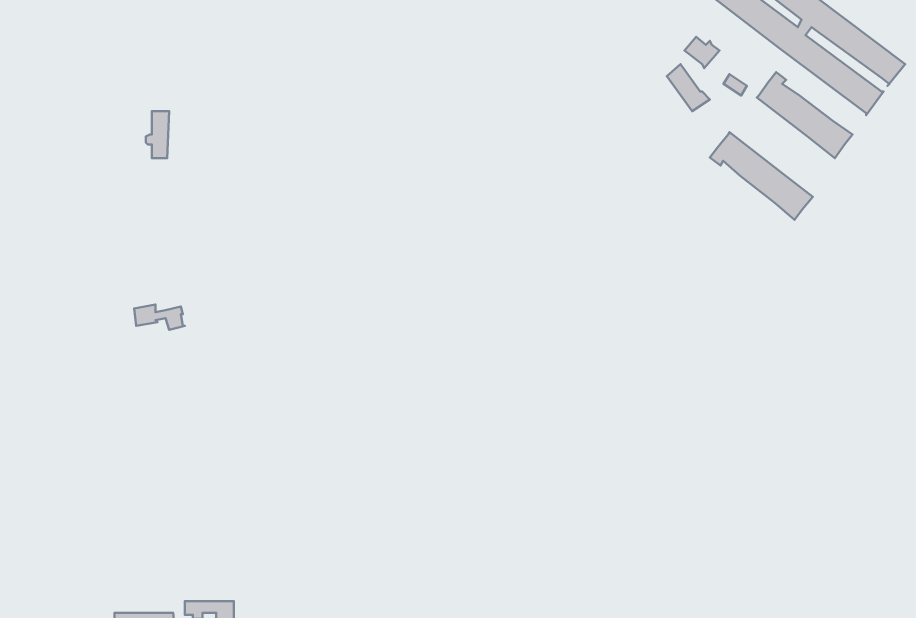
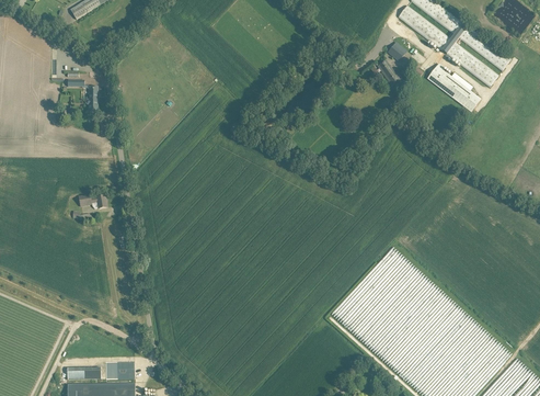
building: [710,132,813,220] -> none

